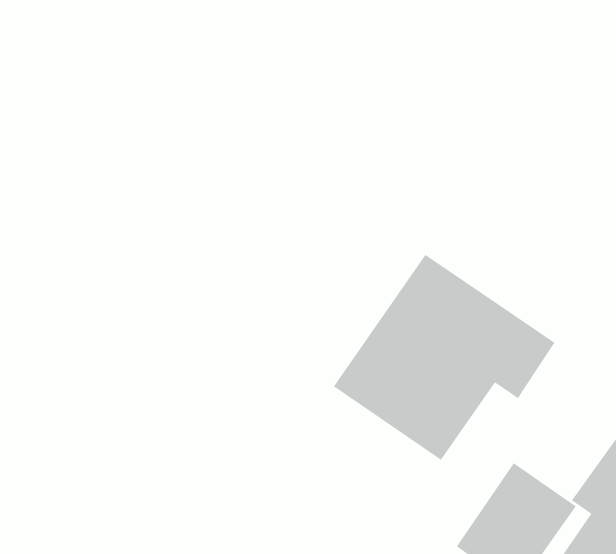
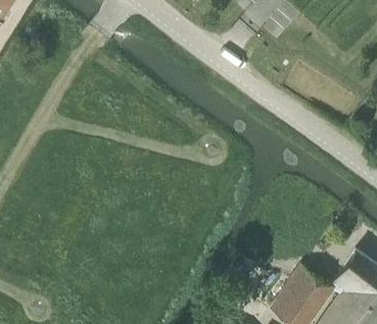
building: [333,254,555,461] -> none

